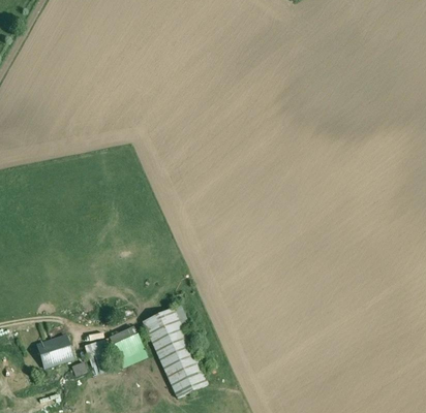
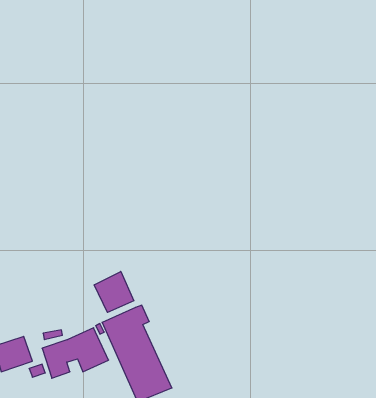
building: none -> [94,271,134,312]

